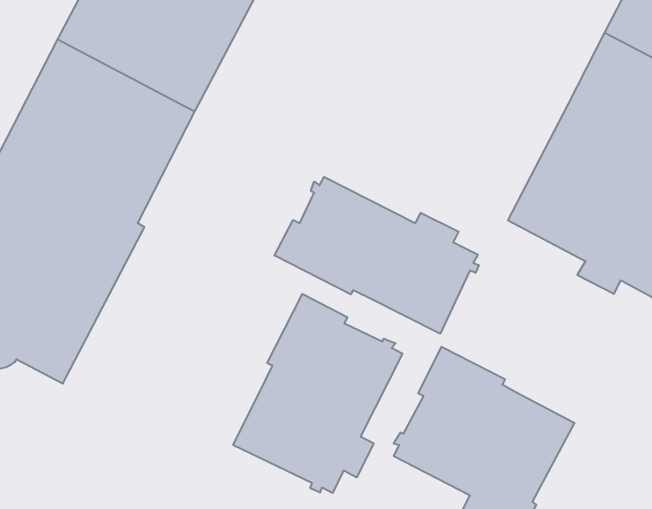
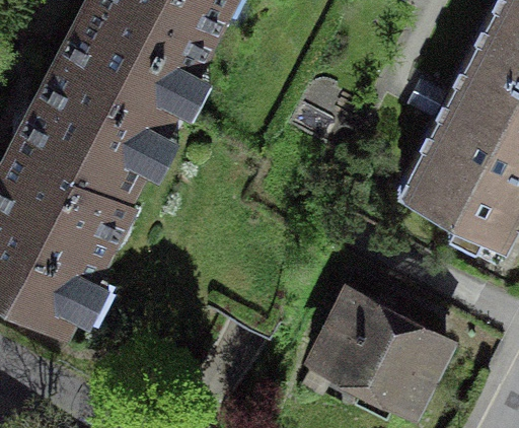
building: [274,177,479,334] -> none
building: [233,294,402,493] -> none

